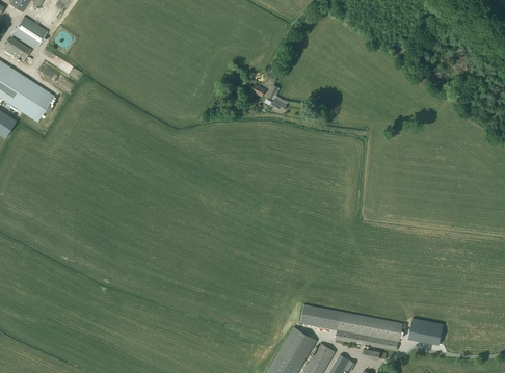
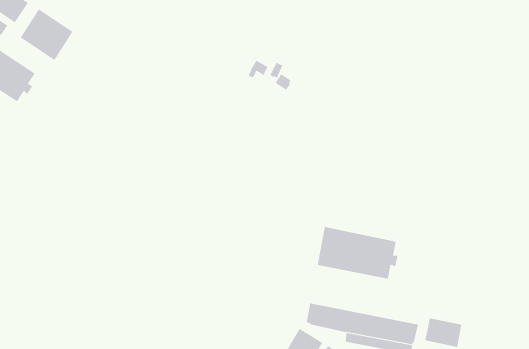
building: none -> [20,8,73,61]
building: none -> [317,226,398,279]

